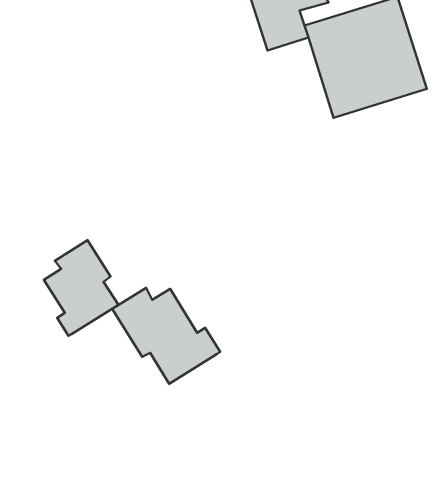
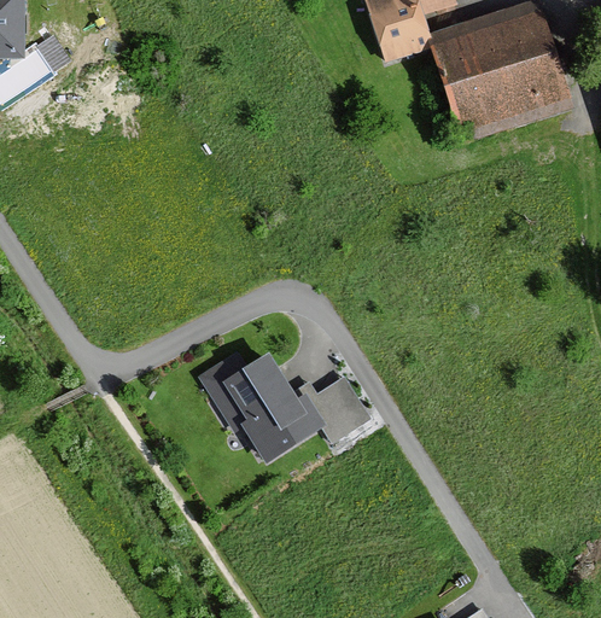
building: [44,240,118,336] -> none
building: none -> [309,375,370,442]

